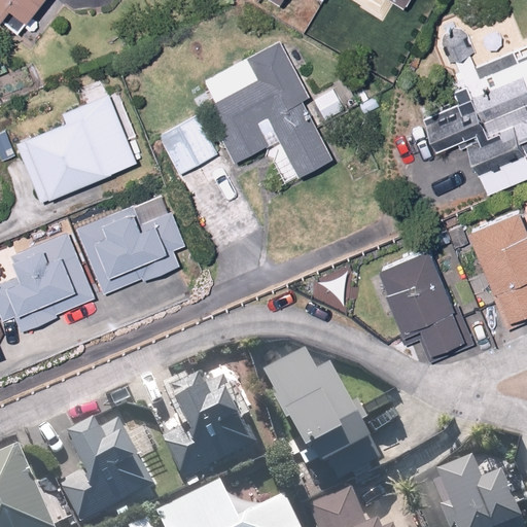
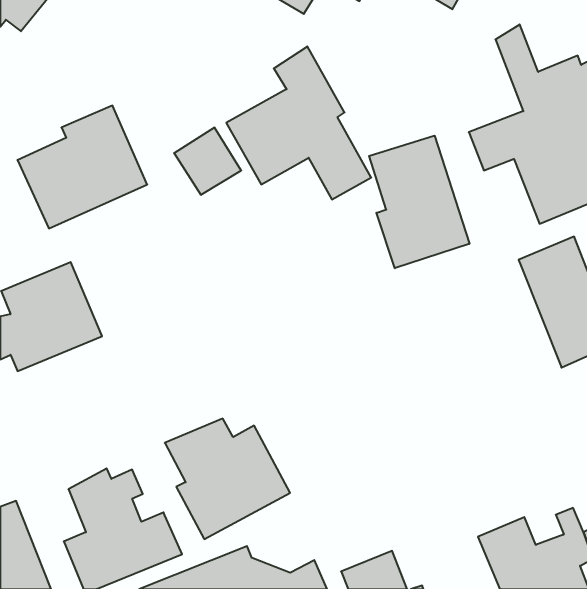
building: none -> [369,136,469,268]
building: [76,204,185,295] -> none
building: [375,246,463,354] -> none
building: [264,351,368,475] -> none

